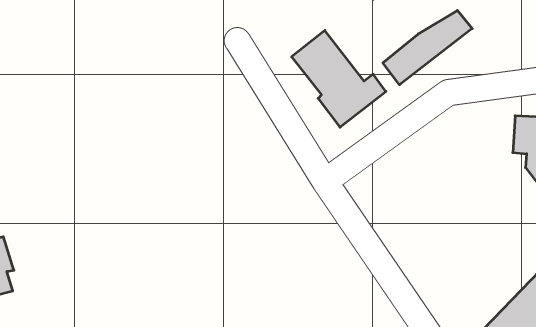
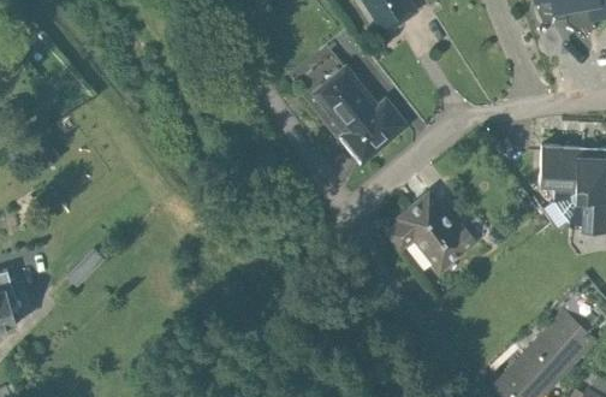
building: [383,10,472,85] -> none
building: none -> [386,194,475,269]

